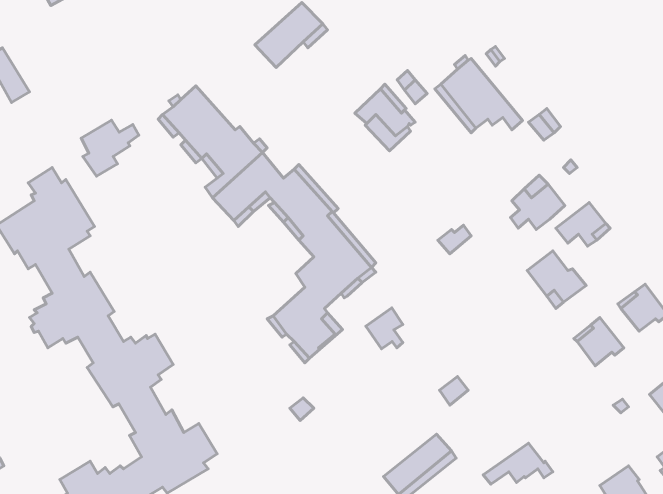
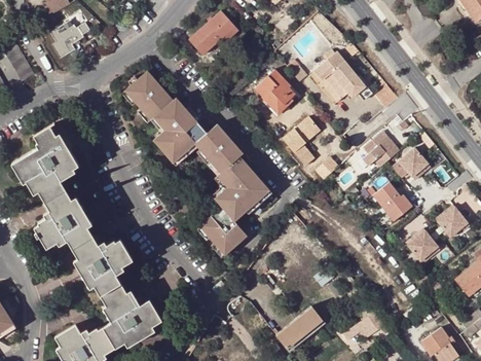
building: [81,120,139,176] -> [50,20,89,58]
building: none -> [282,118,320,168]
building: [366,308,403,349] -> none

